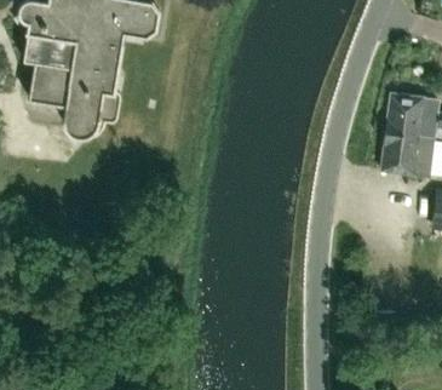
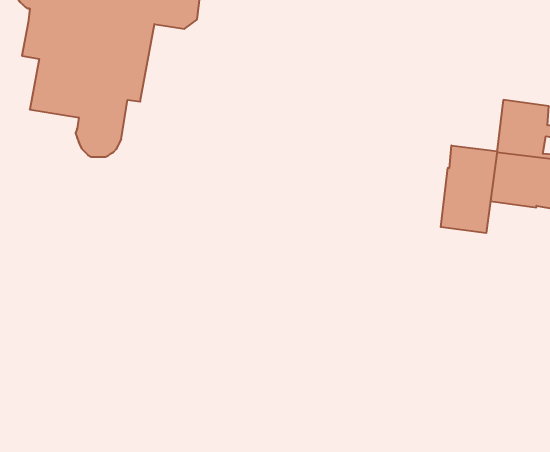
building: none -> [441,145,497,233]

